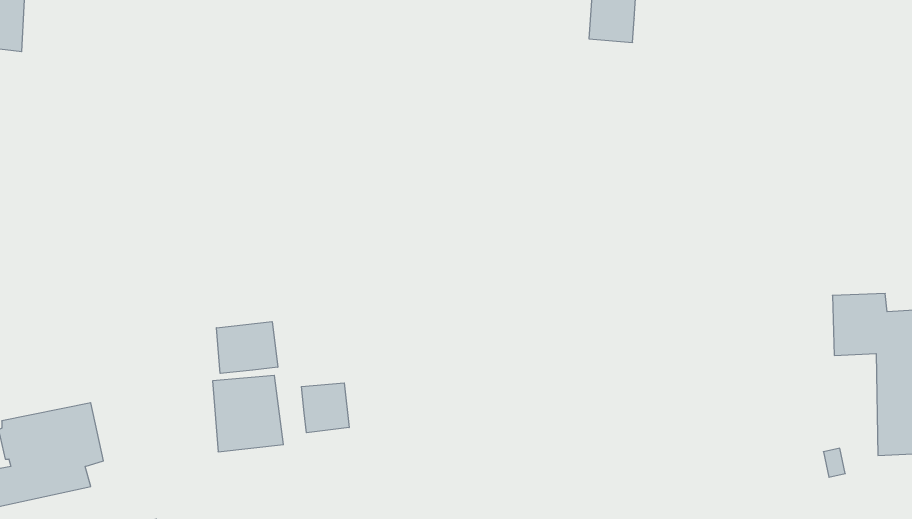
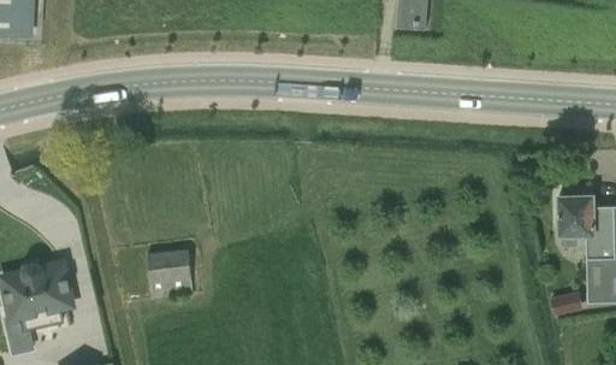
building: [216,322,278,373] -> none
building: [301,383,349,433] -> none

